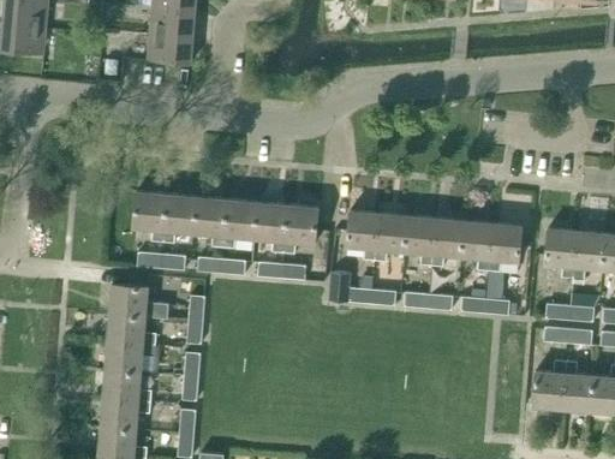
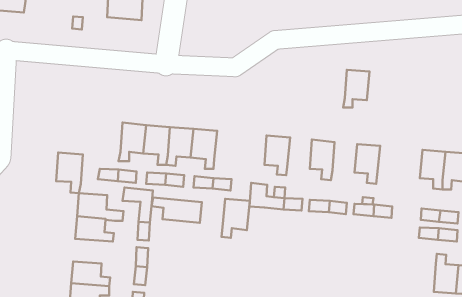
building: [133,191,167,243] -> [56,153,83,193]
building: [282,204,318,254] -> [221,199,250,238]
building: [375,213,407,262] -> none
building: [431,219,465,267] -> [343,70,370,108]
building: [489,223,523,272] -> none
building: none -> [151,198,202,223]
building: [105,341,155,372] -> none
building: [532,360,566,409] -> none

